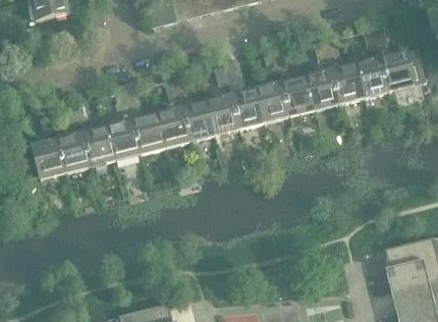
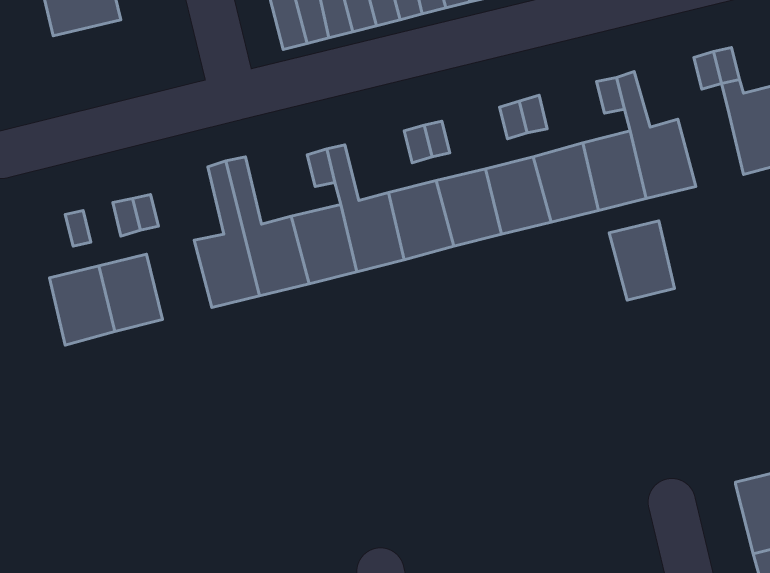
building: [353,56,387,97] -> [609,221,675,300]
building: [80,124,114,165] -> none

